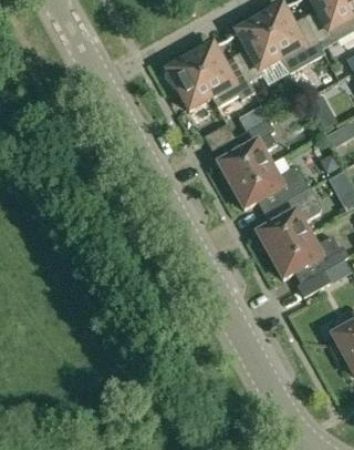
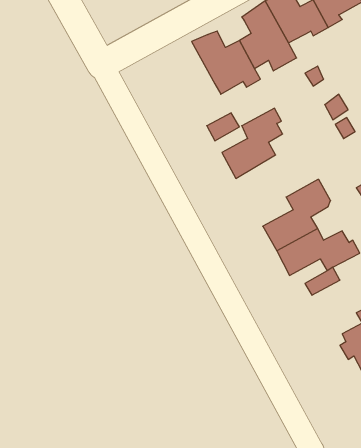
building: [164,54,211,108] -> none
building: [231,162,309,206] -> none

